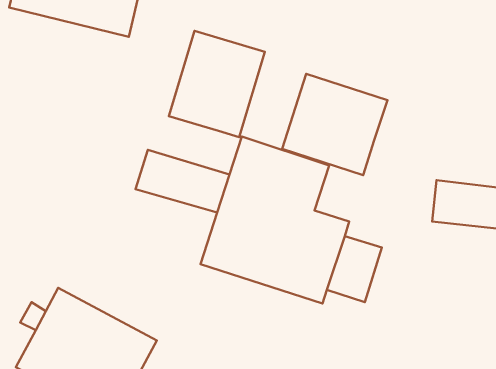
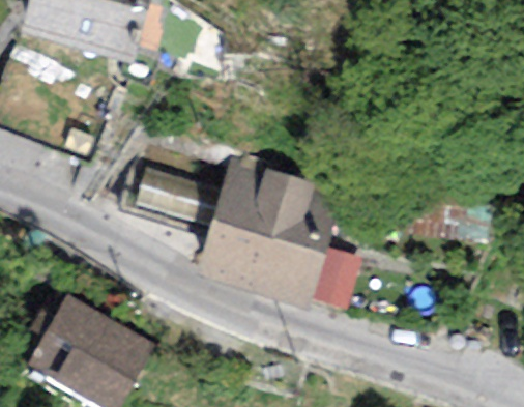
building: [169,31,265,137] -> none
building: [282,74,387,175] -> none

